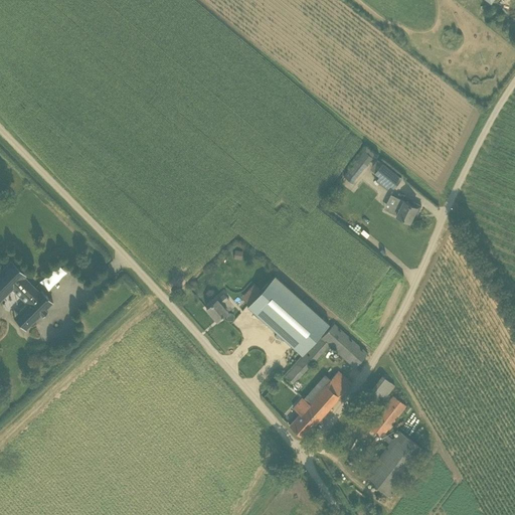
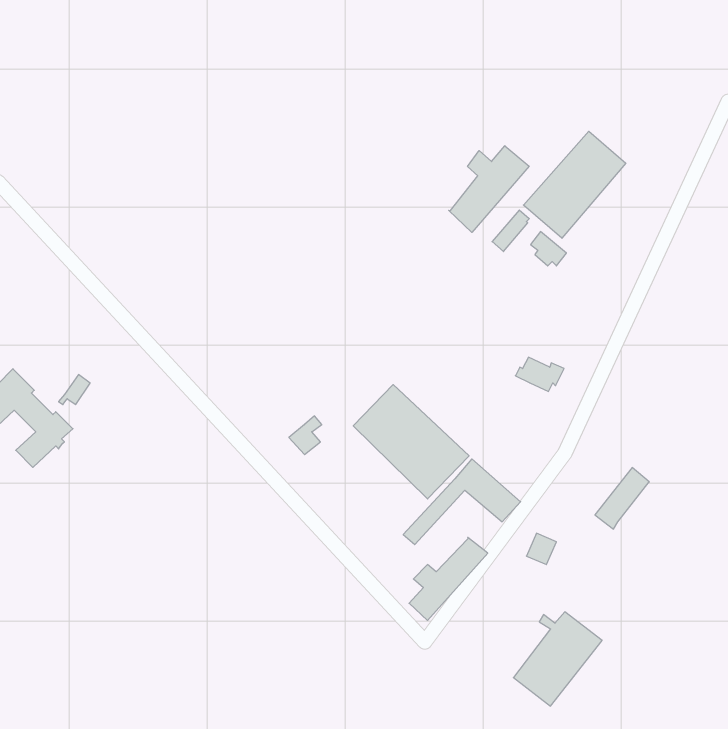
building: none -> [523,131,626,238]
building: none -> [449,146,529,232]
building: [385,198,419,222] -> [515,357,564,391]
building: [366,395,404,439] -> [595,468,649,529]

